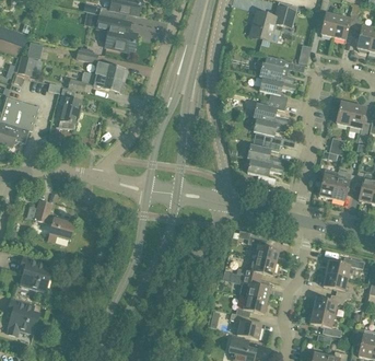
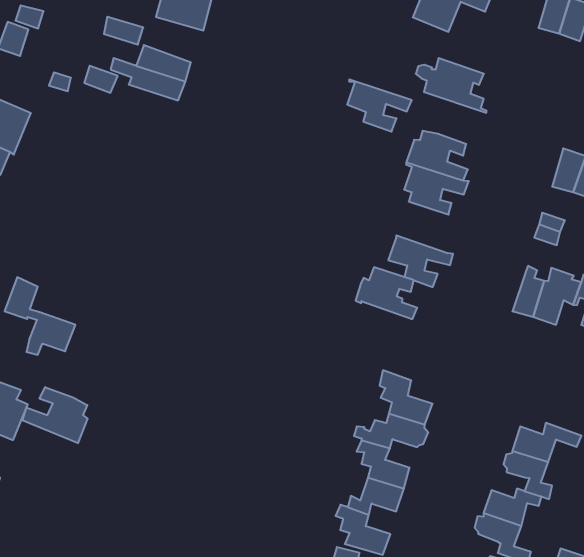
building: [259,75,295,103] -> [347,79,412,132]
building: [56,89,81,129] -> none
building: [247,138,282,165] -> [356,267,417,319]
building: none -> [22,387,88,443]

